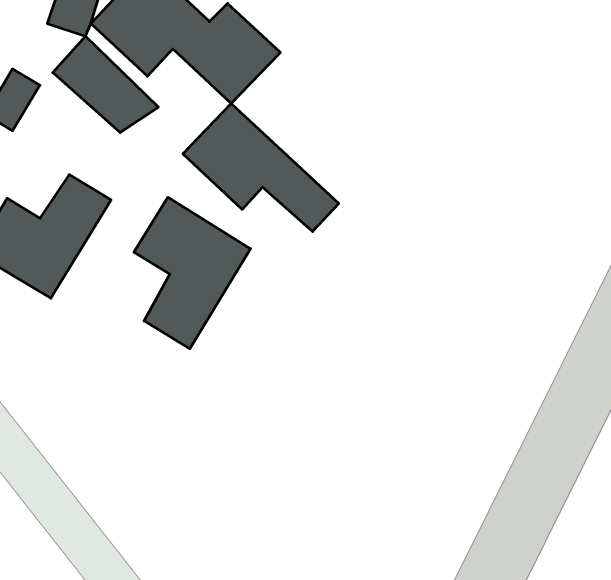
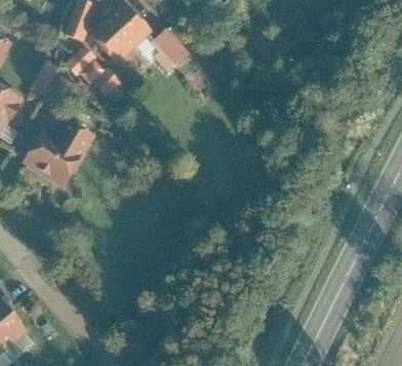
building: [183,103,339,232] -> none
building: [134,197,251,349] -> none

